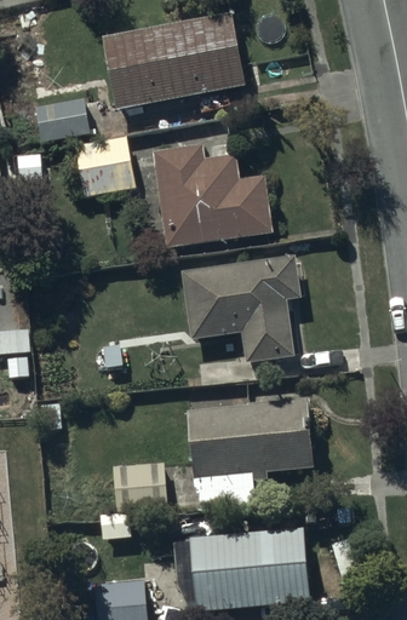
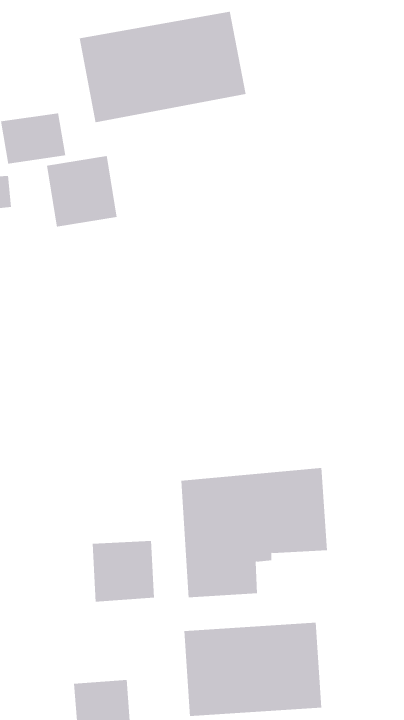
building: [151,144,271,247] -> none
building: [180,254,297,362] -> none

